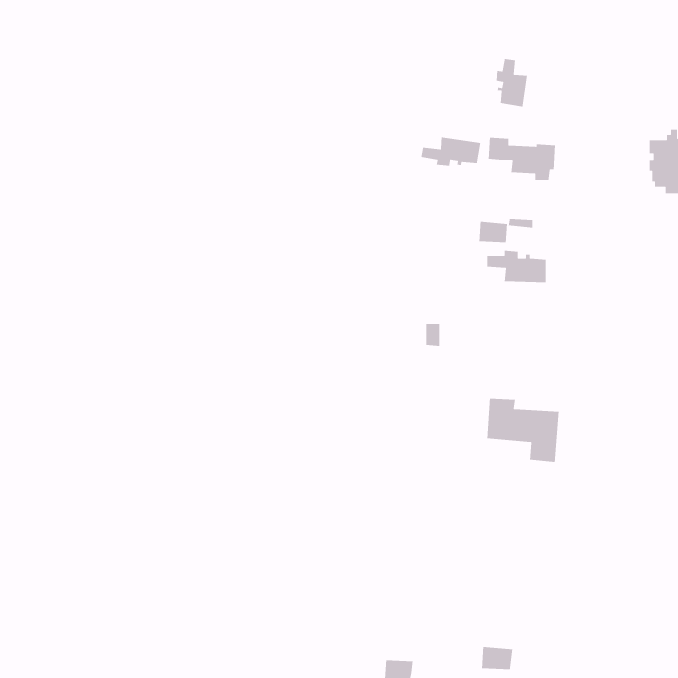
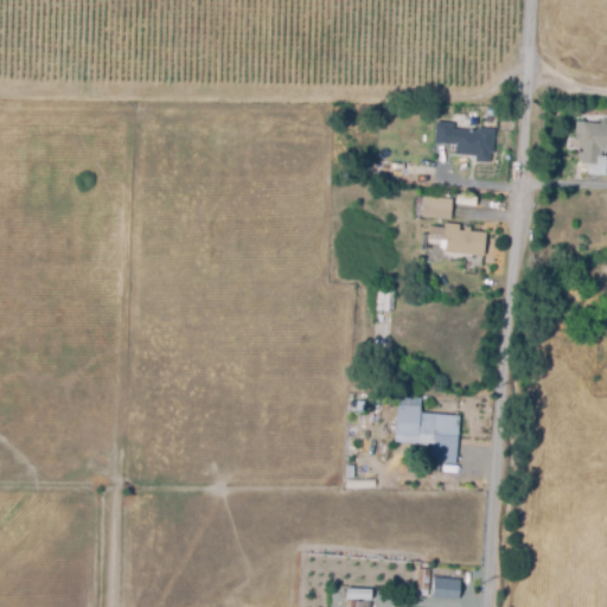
building: [496,58,528,107] -> none
building: [420,137,481,166] -> none
building: [487,398,560,463] -> [392,404,458,462]

